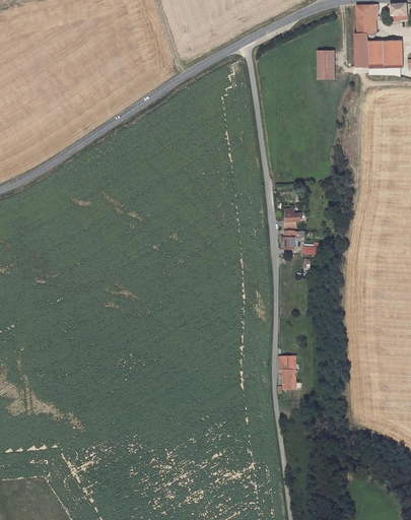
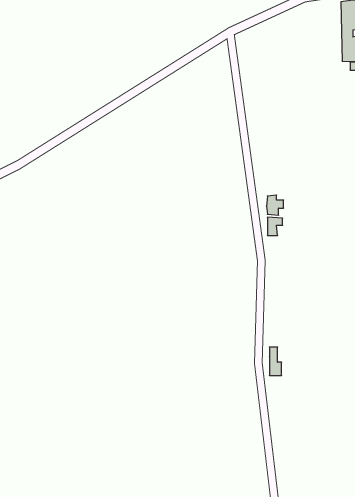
building: [317,52,334,80] -> none

